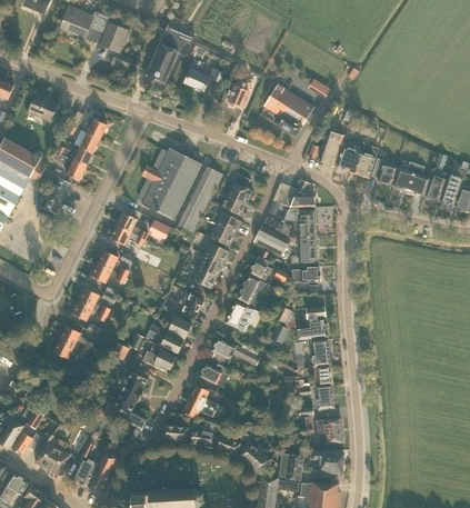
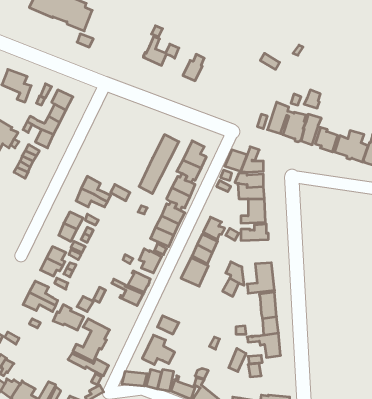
building: [146,27,193,83] -> none
building: [263,84,313,137] -> none
building: [137,148,201,220] -> none
building: [253,227,294,256] -> none
building: [211,339,259,365] -> none
building: [142,343,176,371] -> [53,305,84,330]
building: [314,419,342,445] -> none

